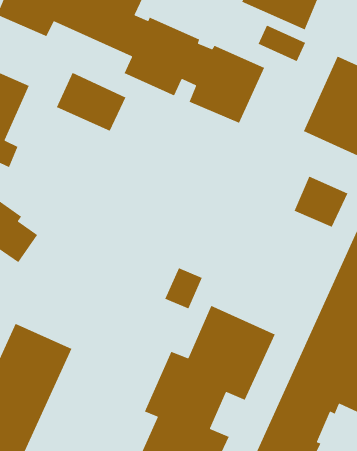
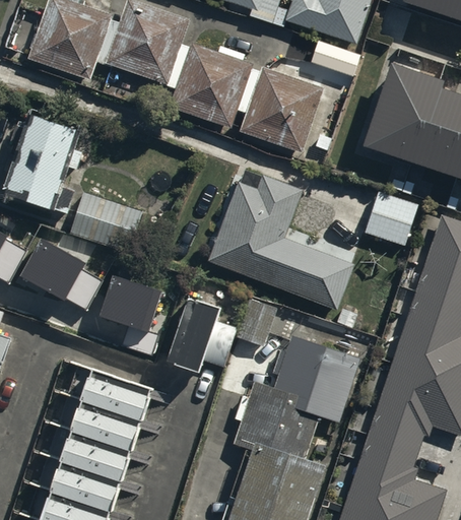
building: [56,72,127,132] -> [71,192,143,250]
building: none -> [207,166,355,309]
building: none -> [98,275,162,354]
building: none -> [167,297,235,371]

